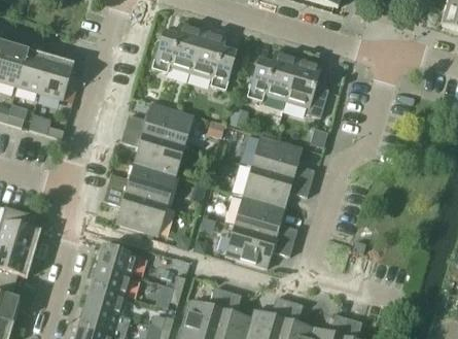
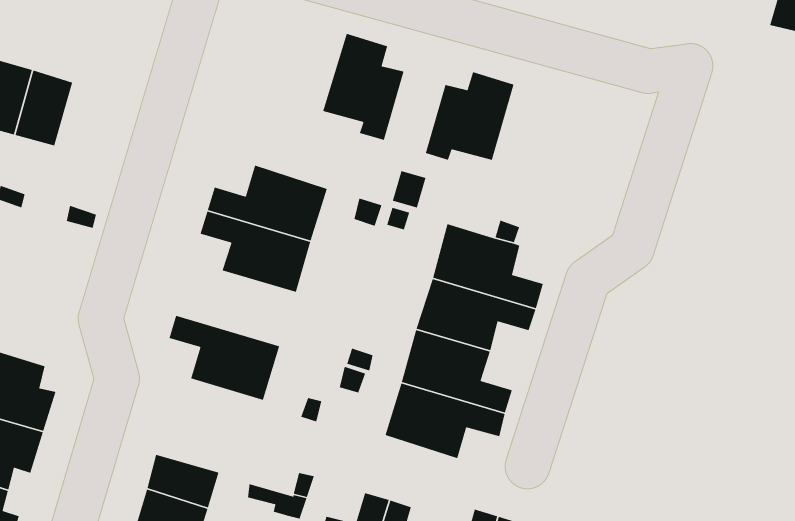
building: [151,23,203,73] -> none
building: [39,57,73,100] -> none
building: [285,58,327,117] -> none
building: [107,163,175,205] -> none
building: [96,244,138,276] -> none

